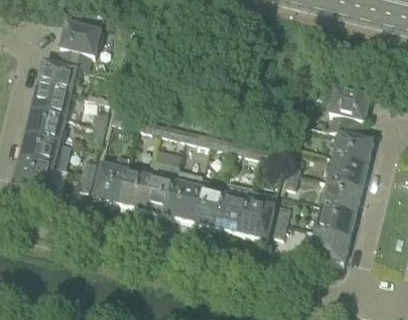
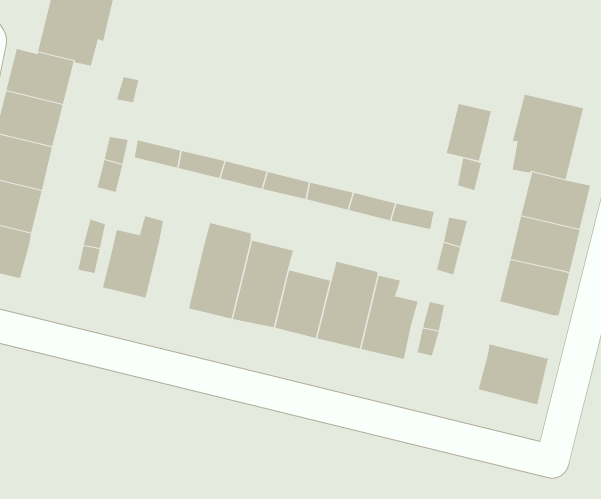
building: none -> [446,103,491,161]
building: [119,169,151,208] -> none
building: [315,204,356,237] -> none

